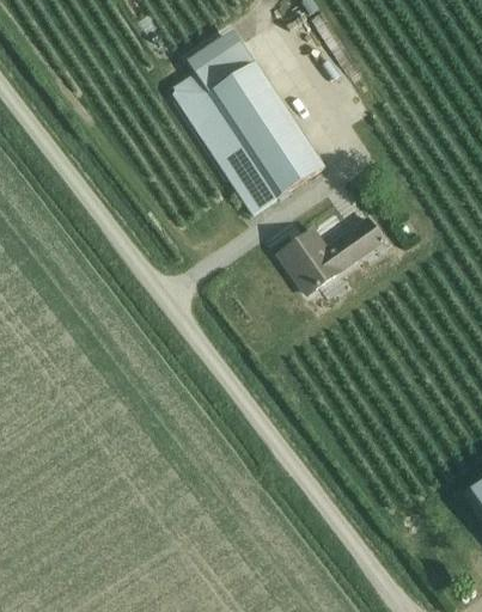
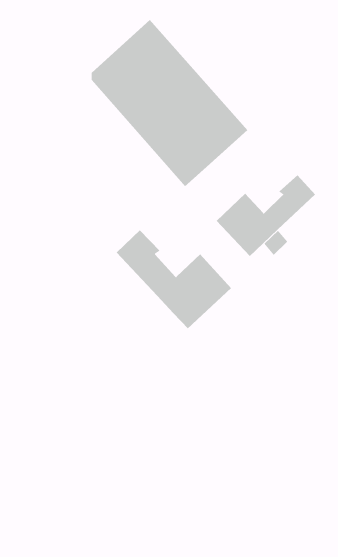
building: none -> [116,230,232,329]

